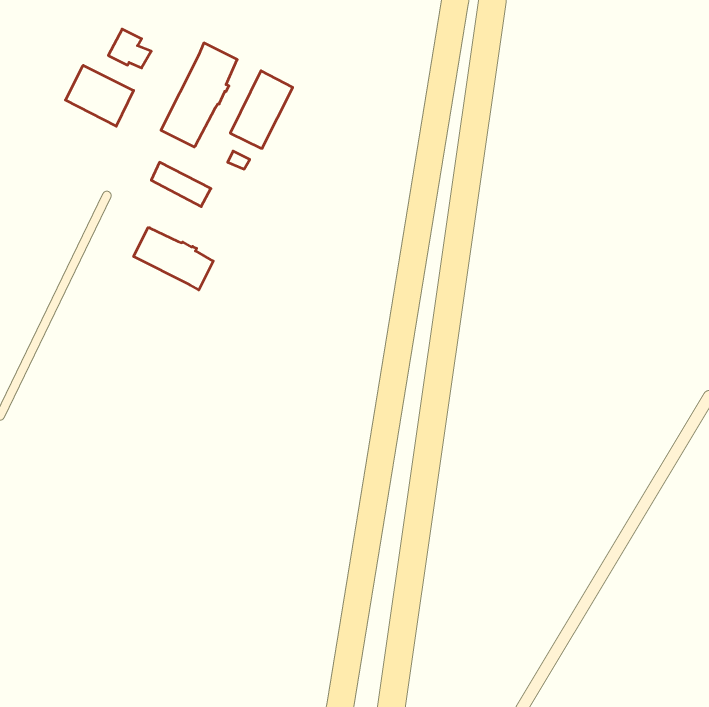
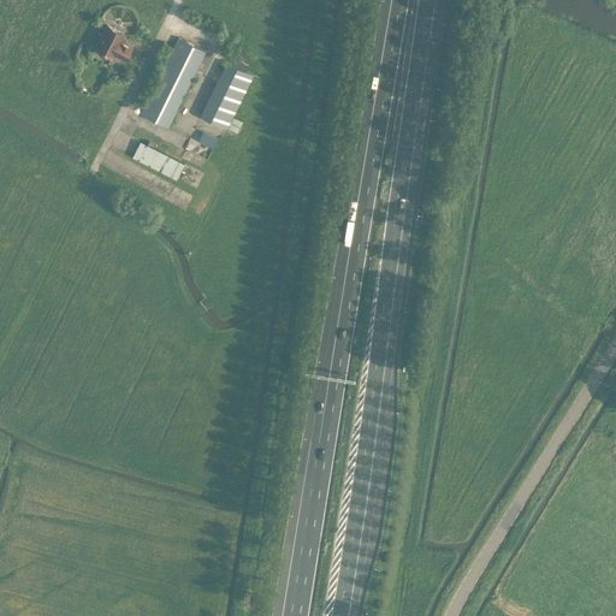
building: [65,65,134,126] -> none
building: [134,228,213,290] -> none

